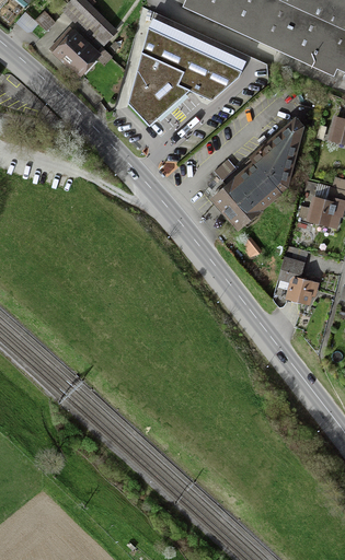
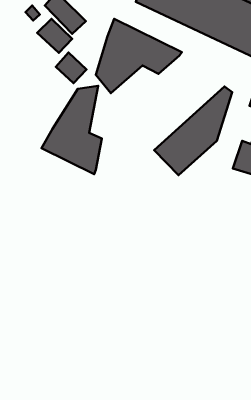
building: none -> [56,52,86,83]
building: none -> [41,86,102,174]
building: [278,258,312,301] -> none

